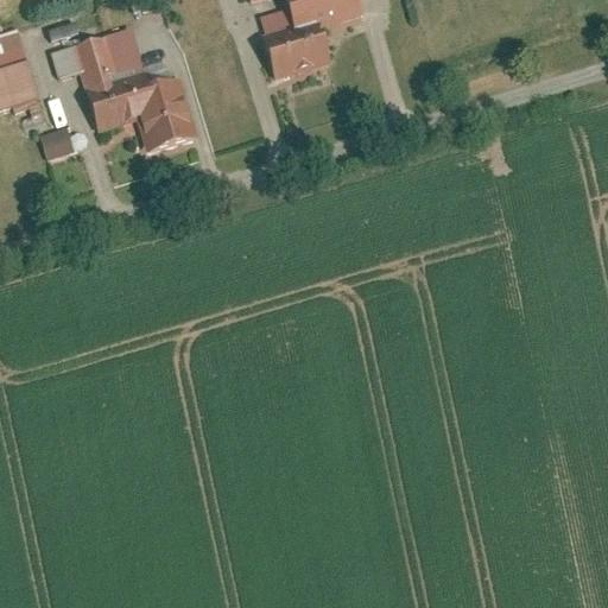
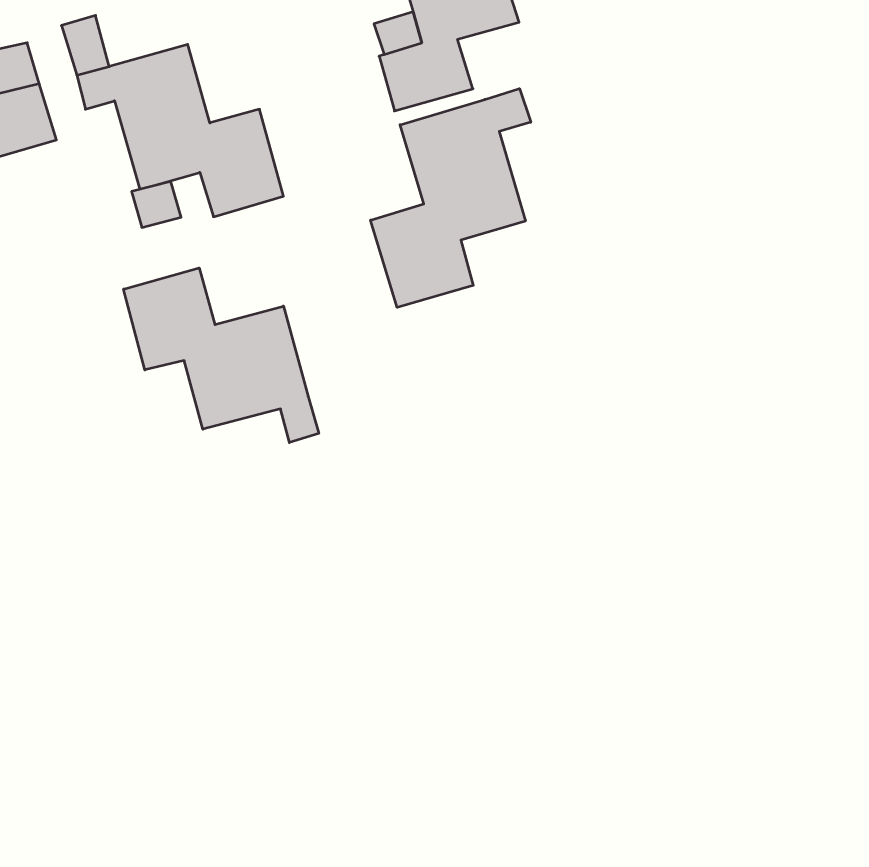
building: none -> [371,89,531,307]
building: [42,126,76,158] -> [132,181,181,227]
building: none -> [124,268,319,443]

